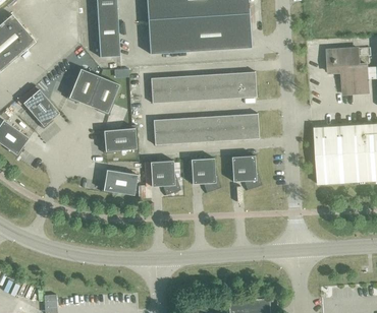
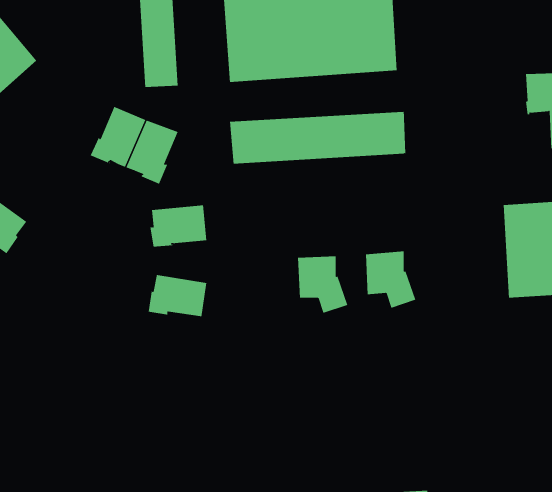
building: [22,88,59,128] -> none
building: [153,113,259,144] -> none
building: [150,160,180,194] -> none

